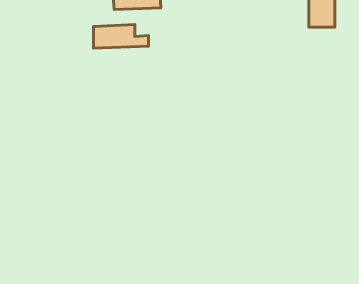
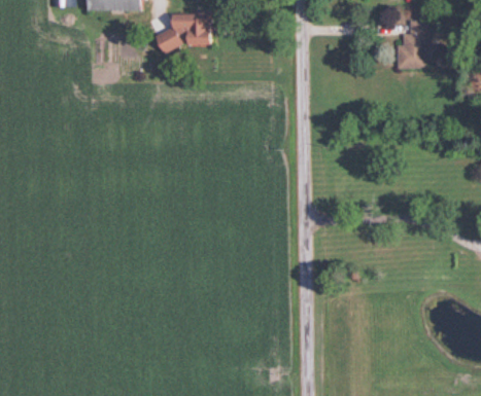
building: [94,25,149,48] -> none

